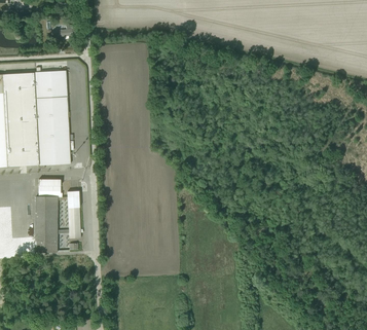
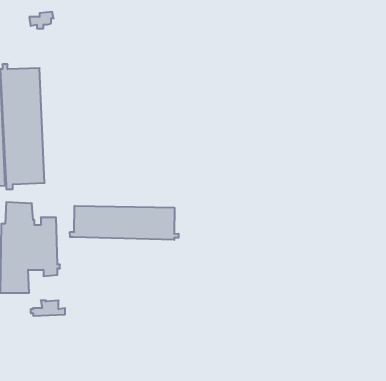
building: none -> [70,206,179,240]

